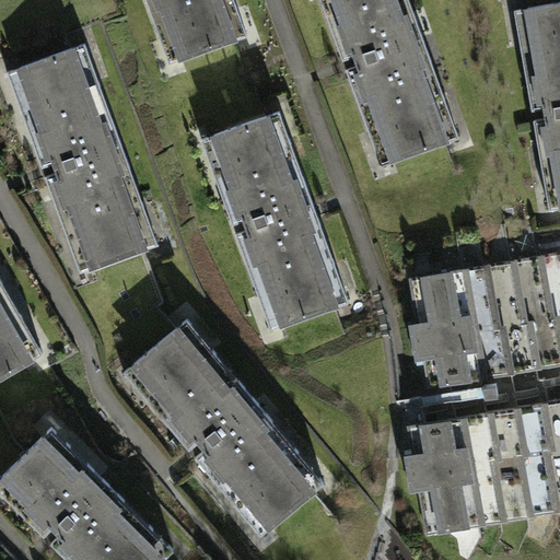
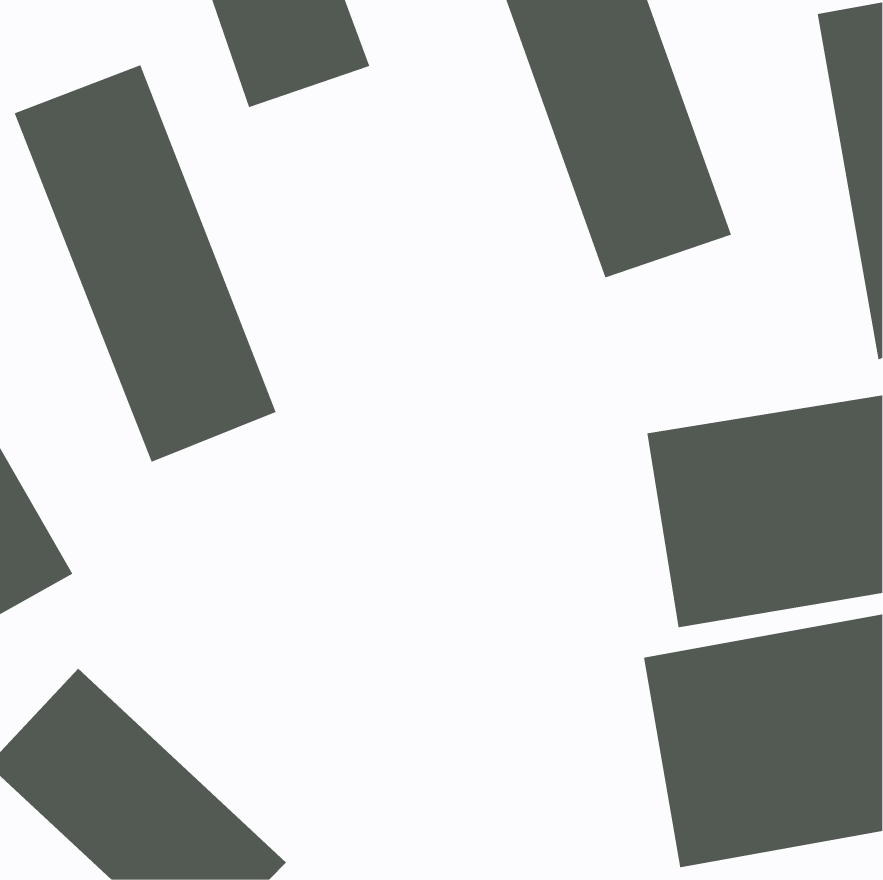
building: [201,110,348,334] -> none
building: [127,312,343,545] -> none

